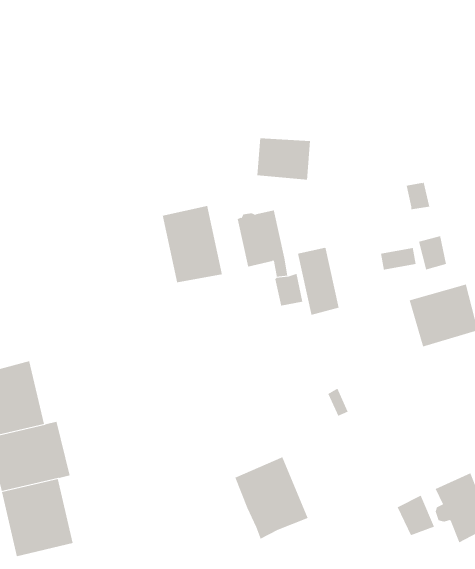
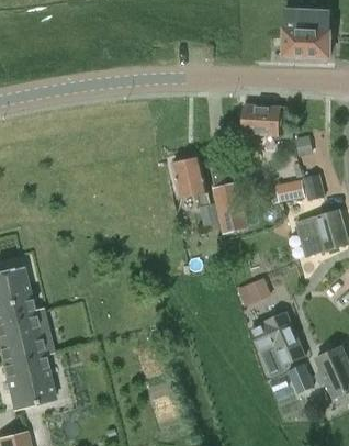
building: none -> [285,9,333,56]
building: [257,138,311,180] -> [244,104,283,135]
building: [162,205,223,283] -> none
building: [234,456,308,539] -> [252,312,306,372]

